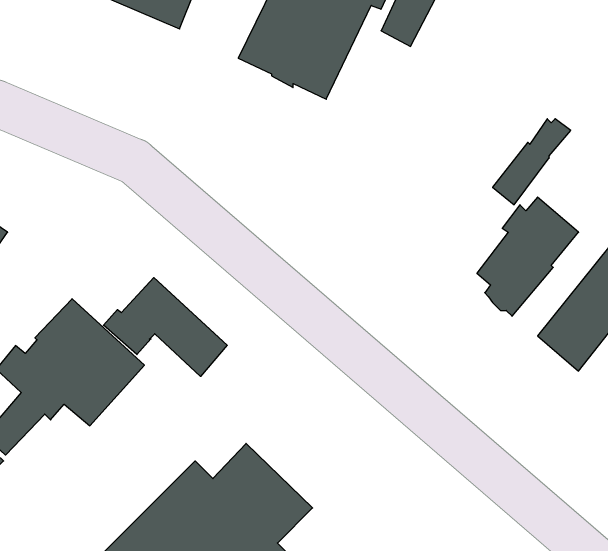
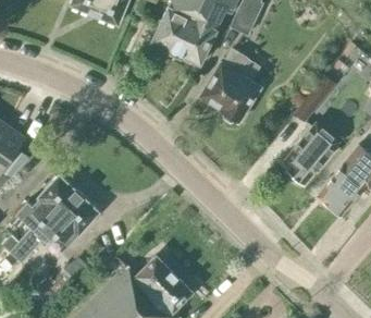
building: none -> [199,47,261,122]
building: [103,278,227,376] -> none

